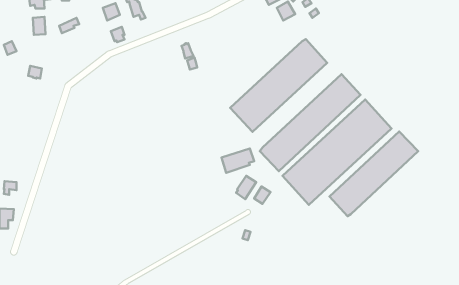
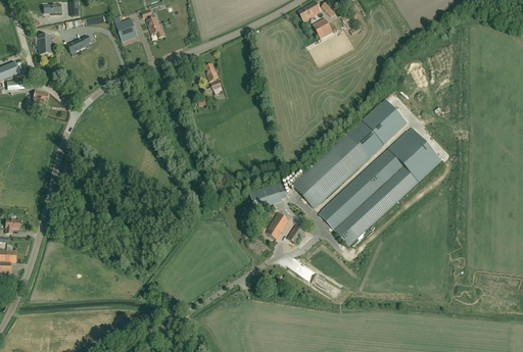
building: [230,39,327,132] -> none
building: [329,131,418,216] -> none

